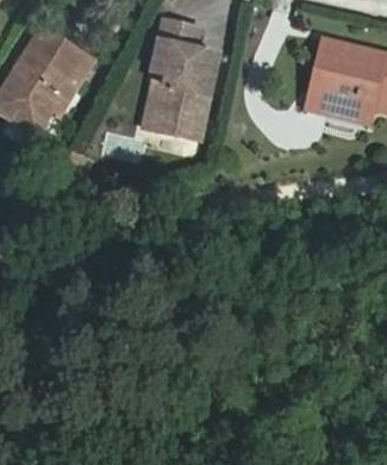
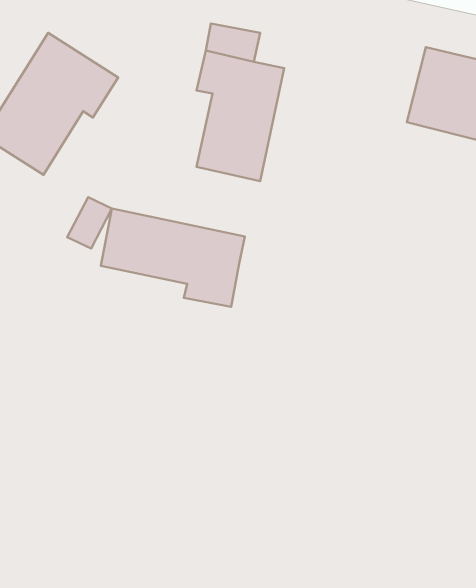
building: none -> [101,208,245,307]

